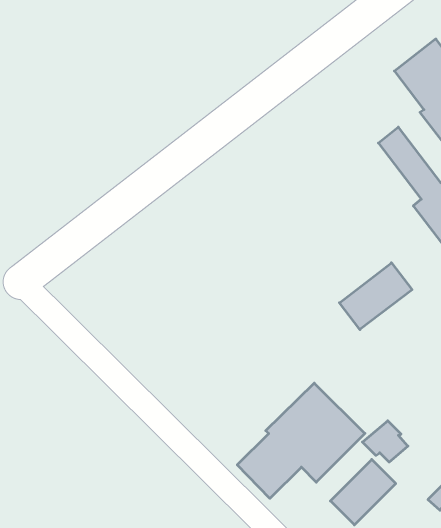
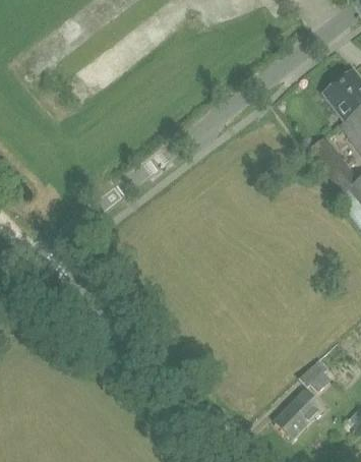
building: [339,263,412,330] -> none
building: [237,383,365,498] -> none

